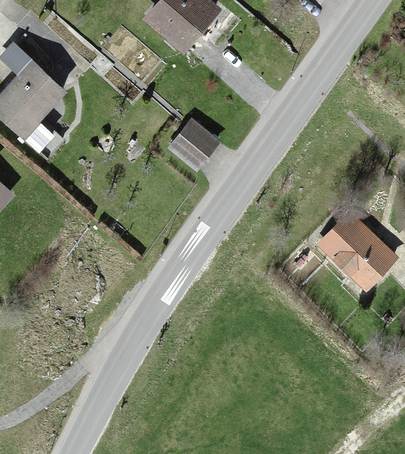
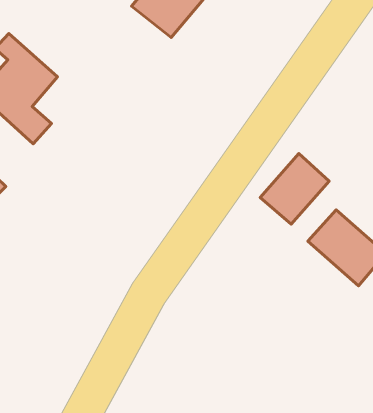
building: [166,124,215,173] -> none
building: none -> [260,153,329,224]

